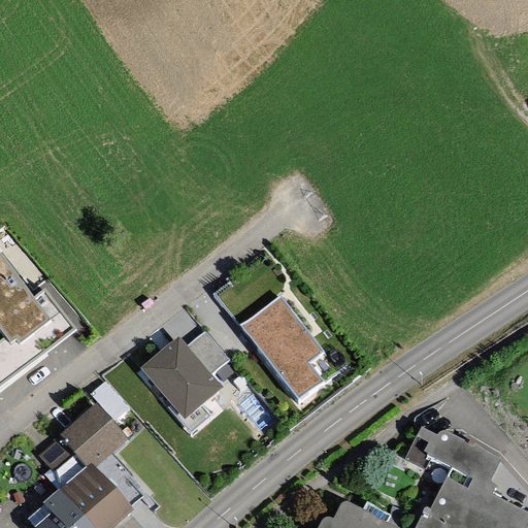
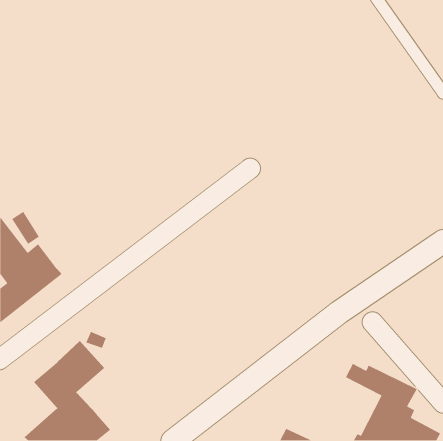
building: [242,295,324,399] -> none
building: [141,331,229,421] -> none

